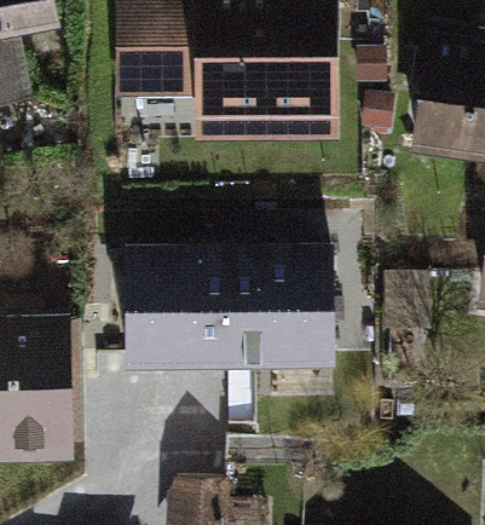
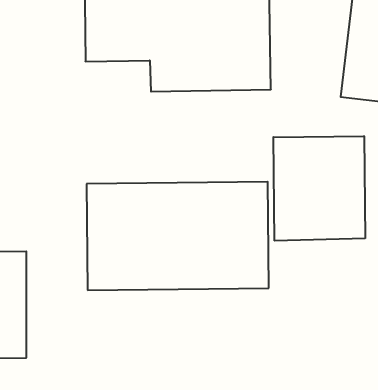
building: none -> [273,136,365,241]

